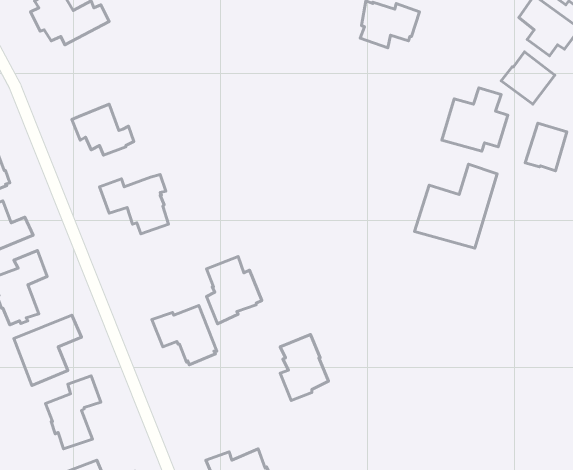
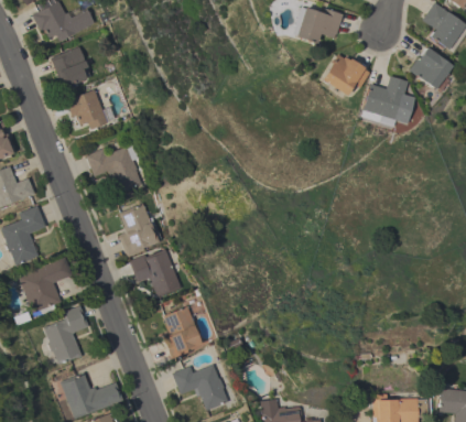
building: none -> [51,46,89,87]
building: none -> [322,54,369,95]
building: [525,123,567,171] -> none
building: [414,164,497,248] -> none
building: [207,256,262,324] -> [119,203,163,257]
building: [280,334,328,401] -> [163,305,202,358]

